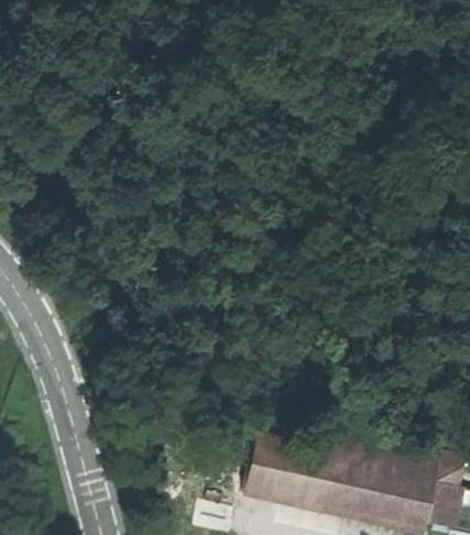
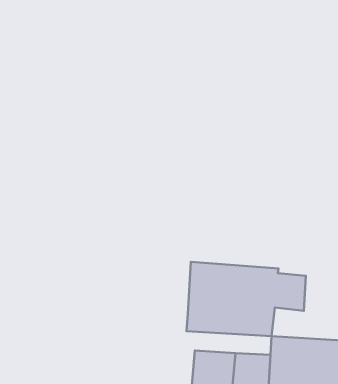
building: none -> [187,262,306,336]

